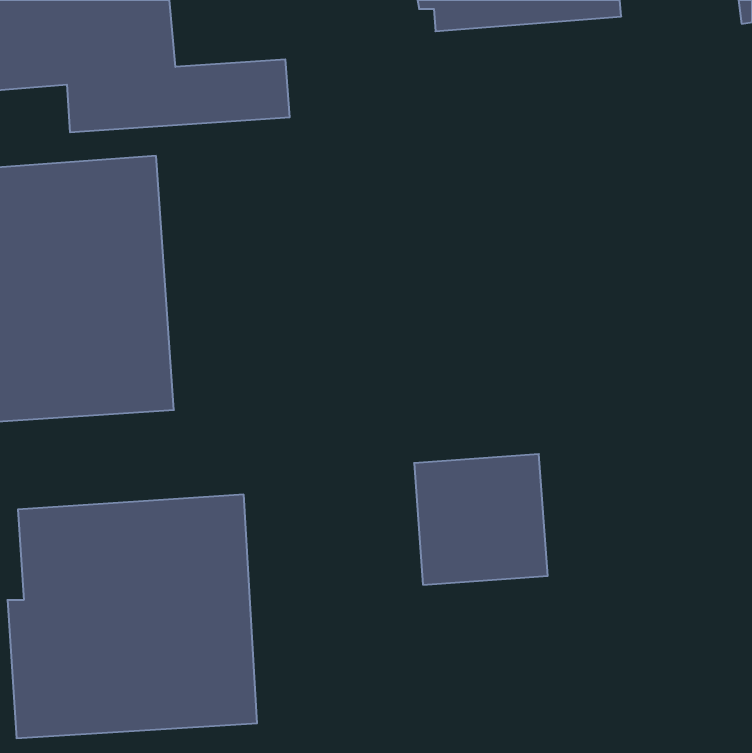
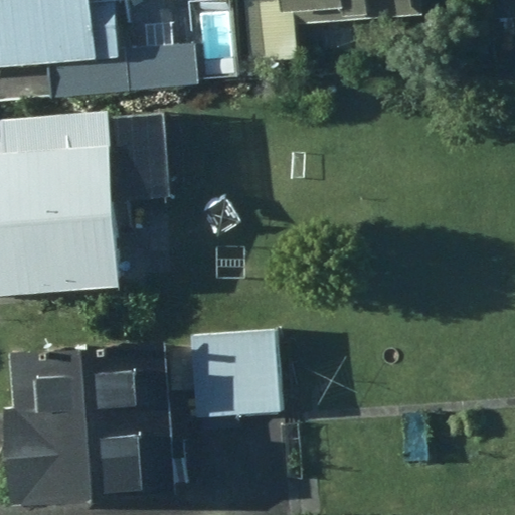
building: [414,454,548,585] -> [189,330,280,418]

